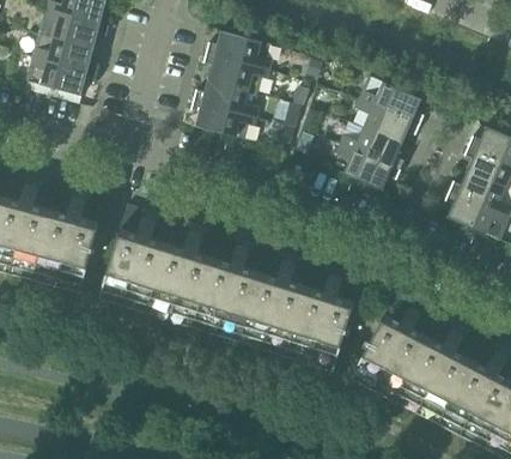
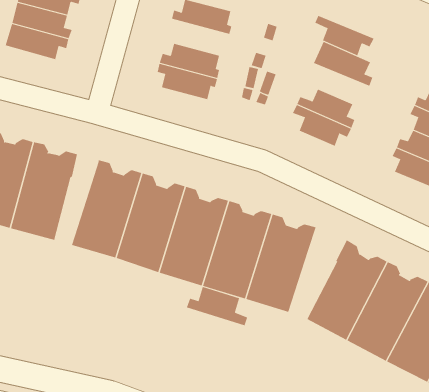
building: [202,52,268,91] -> none
building: [354,99,419,144] -> [314,15,374,56]
building: none -> [186,286,248,326]

